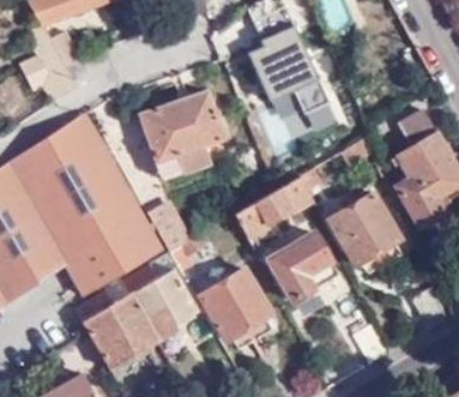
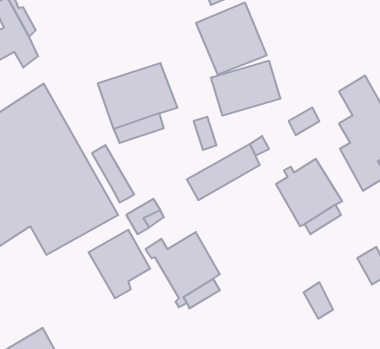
building: [270,234,337,302] -> none
building: [76,289,158,368] -> none

